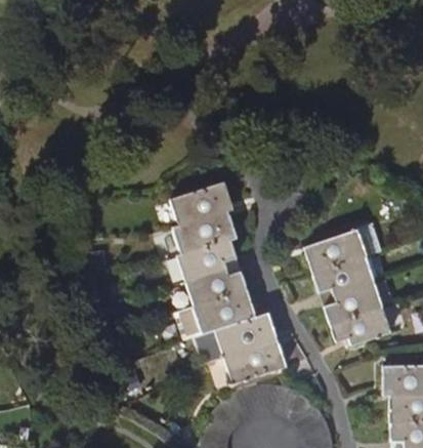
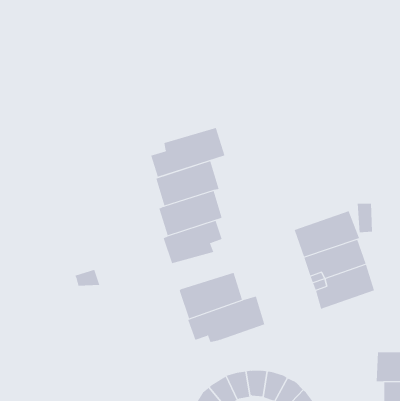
building: none -> [150,127,225,177]
building: [185,271,246,307] -> none
building: [329,308,390,348] -> none
building: [210,340,285,390] -> none

